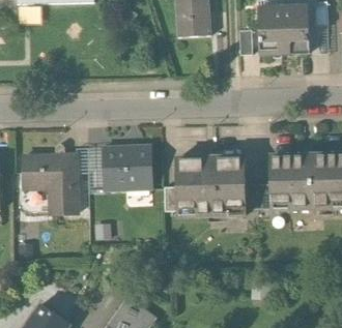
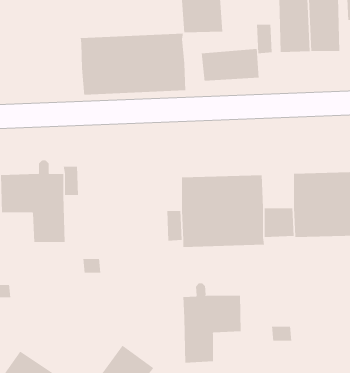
building: none -> [80,33,186,95]
building: none -> [201,48,259,82]
building: [105,145,152,189] -> none
building: none -> [183,282,241,363]

